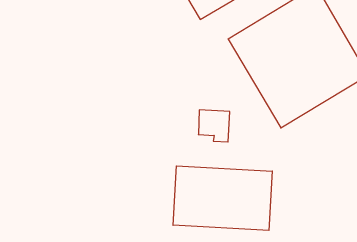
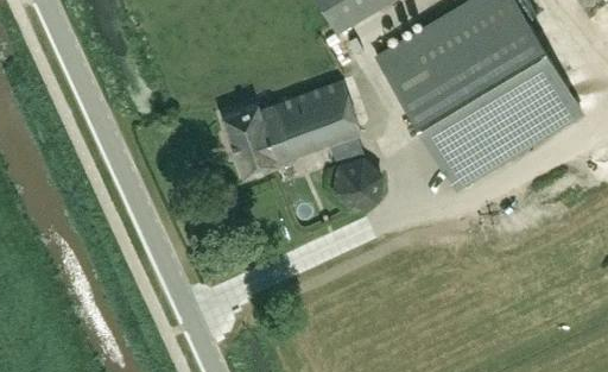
building: none -> [222,81,361,177]
building: [173,166,272,230] -> none

